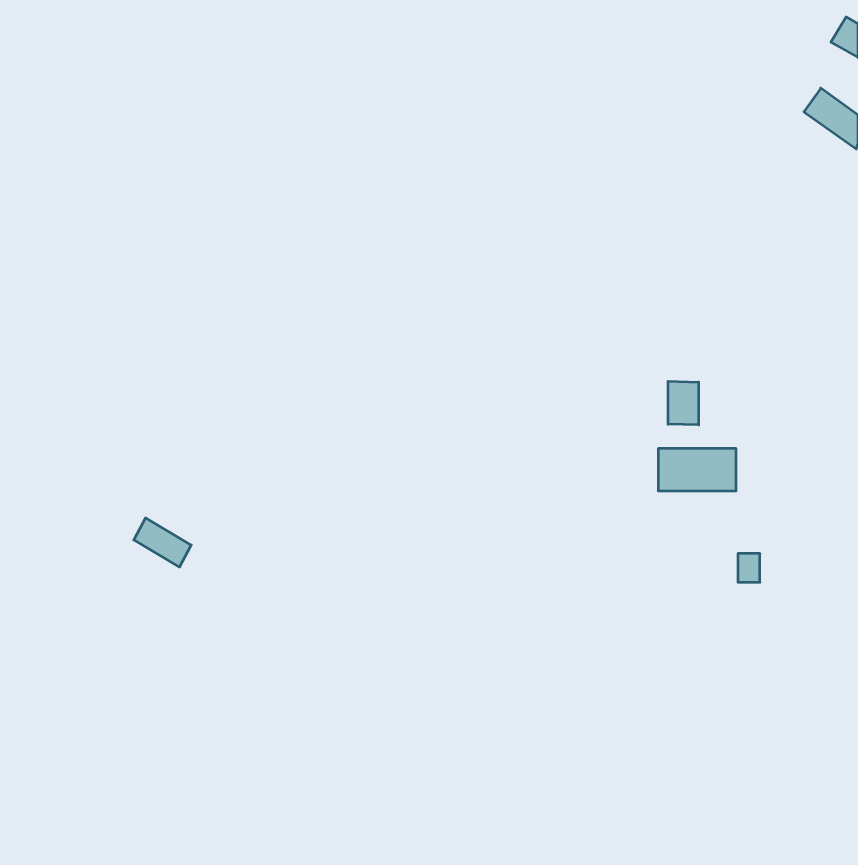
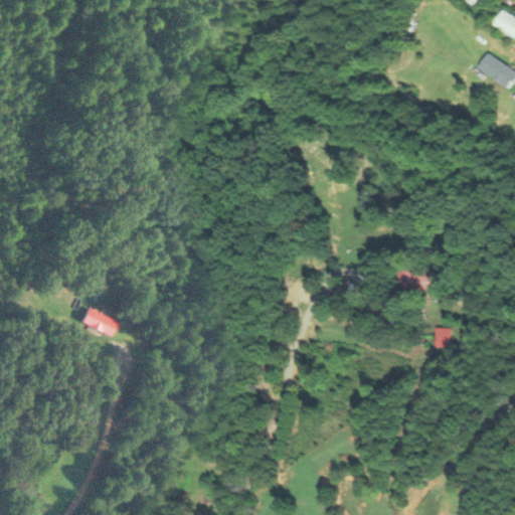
building: [668,381,699,425] -> none

